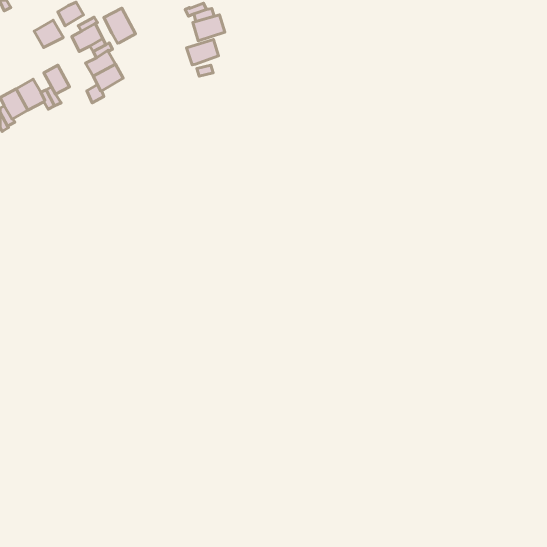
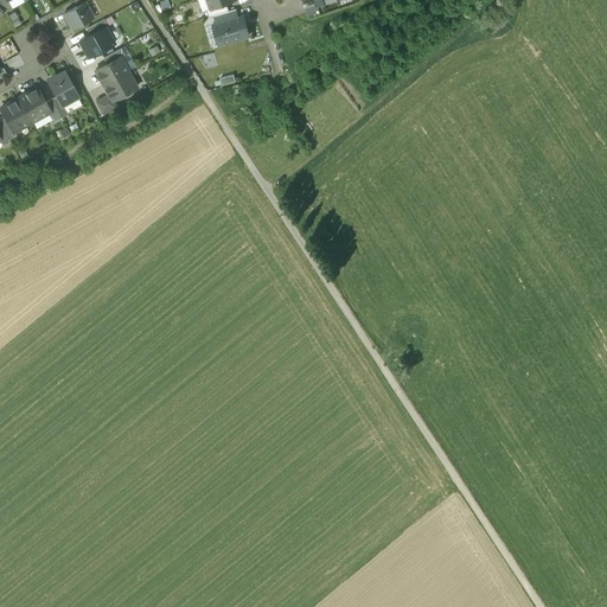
building: [104,8,136,43] -> none
building: [34,20,63,47] -> none
building: [186,39,219,65] -> none

